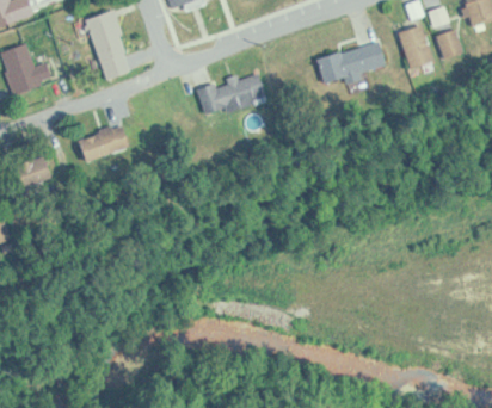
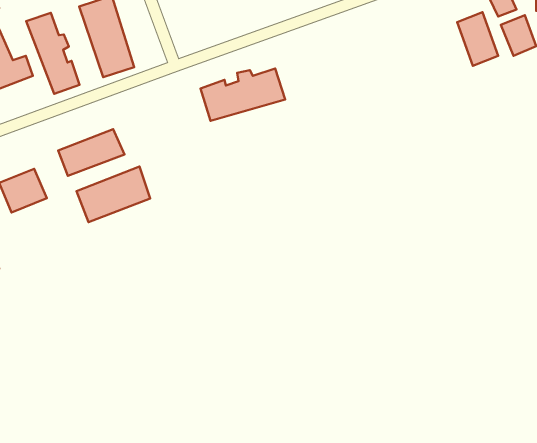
building: none -> [26,13,79,94]
building: [322,42,394,86] -> none
building: none -> [77,166,150,222]

